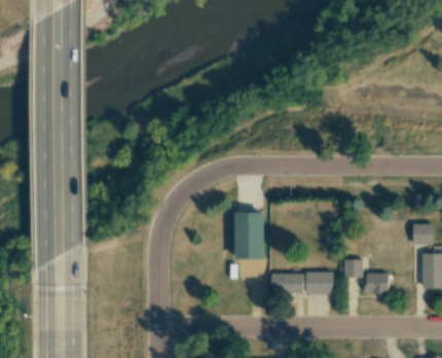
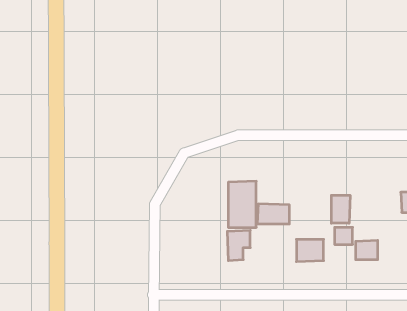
building: none -> [331,195,350,223]
building: [270,273,303,293] -> [257,204,289,224]

